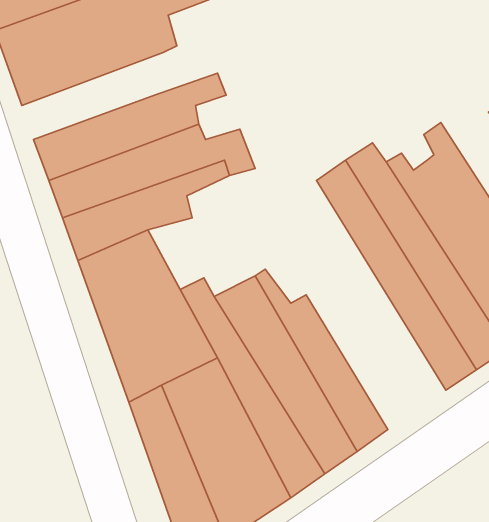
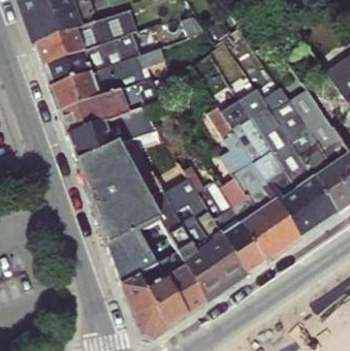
building: none -> [43,32,132,85]
building: none -> [206,103,300,260]

